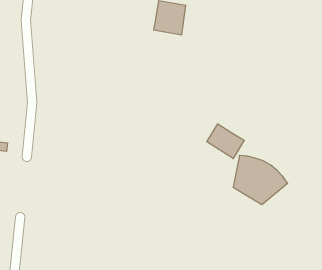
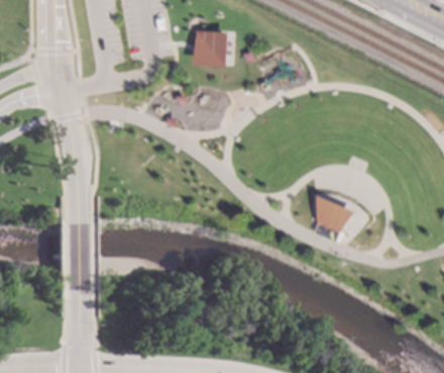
building: [207,124,244,159] -> none

